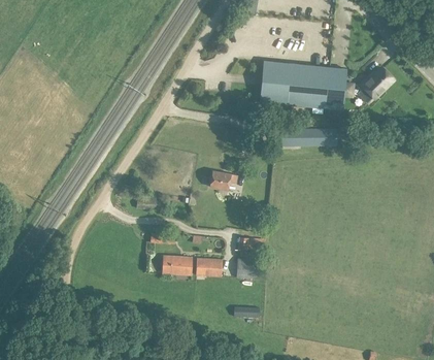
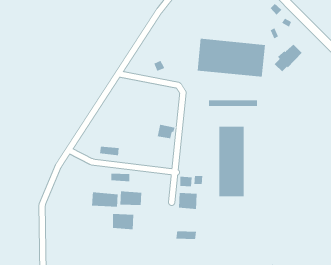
building: none -> [219,126,244,197]
building: none -> [92,192,118,207]
building: [193,256,221,276] -> [112,214,134,230]

